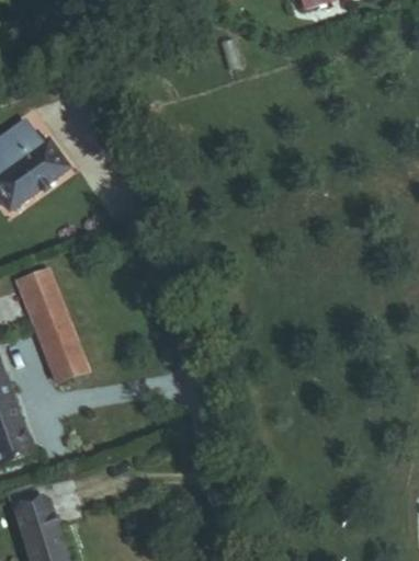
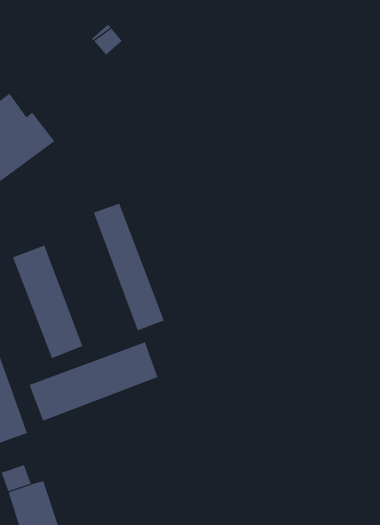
building: none -> [93,203,164,331]
building: none -> [29,342,158,421]

